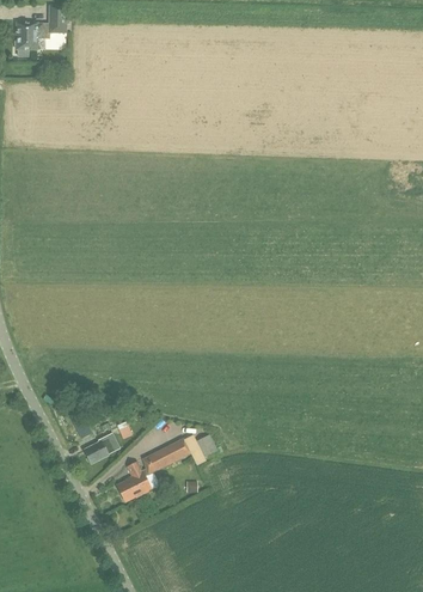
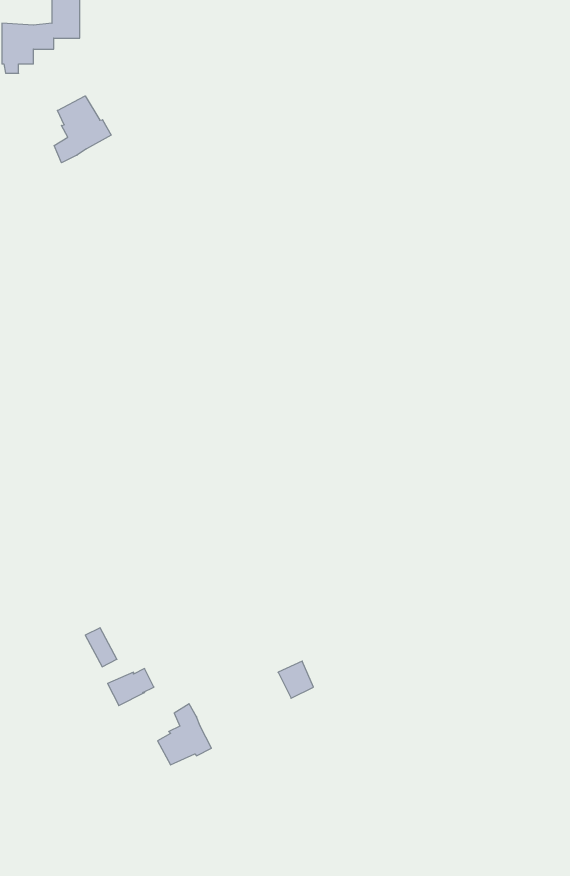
building: none -> [54,96,111,163]
building: [141,438,190,475] -> none

